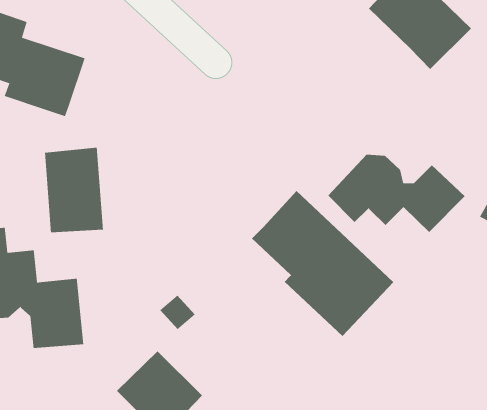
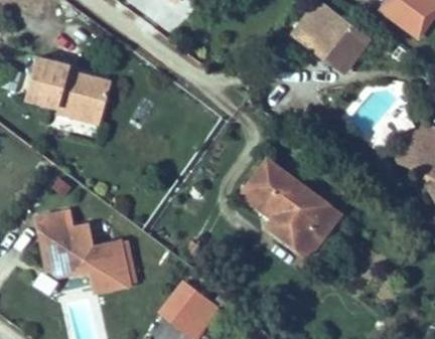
building: [45,147,104,233] -> none
building: [327,154,465,233] -> none

